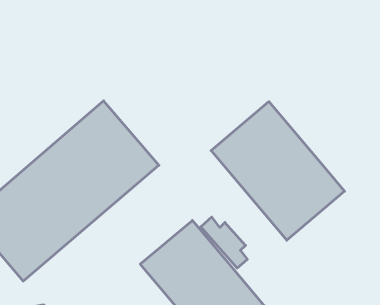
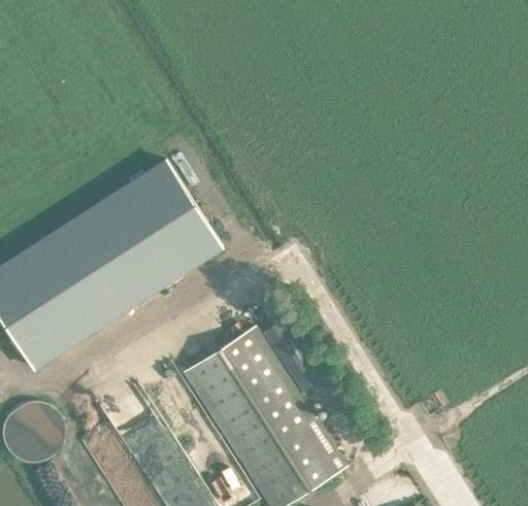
building: [211,102,345,240] -> none

